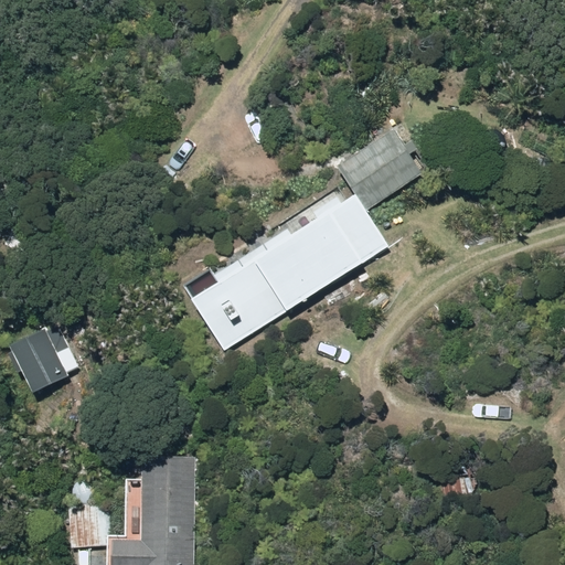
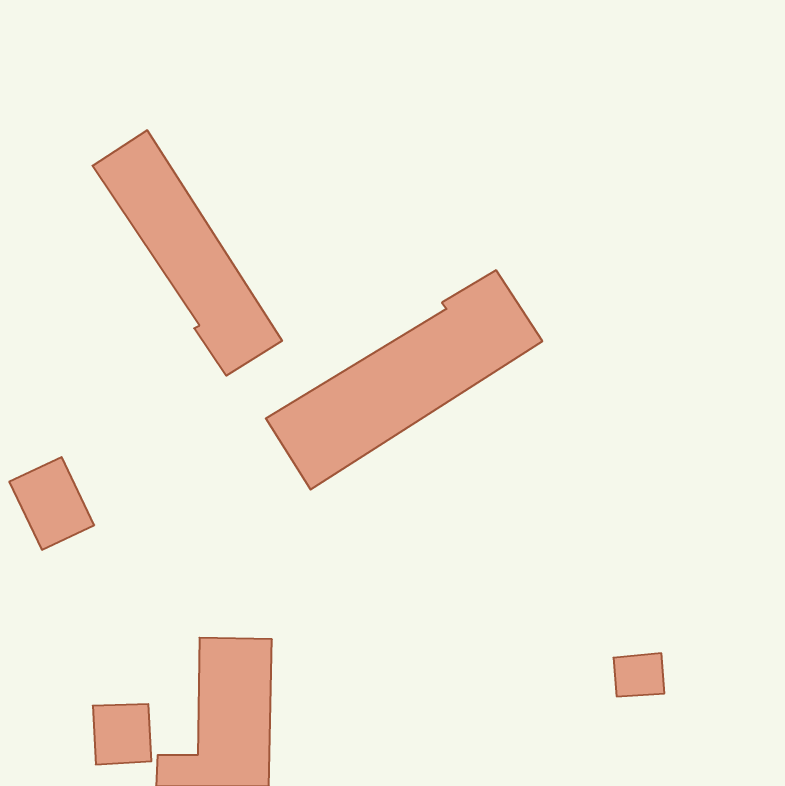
building: none -> [92,130,282,376]
building: [338,128,420,209] -> none

